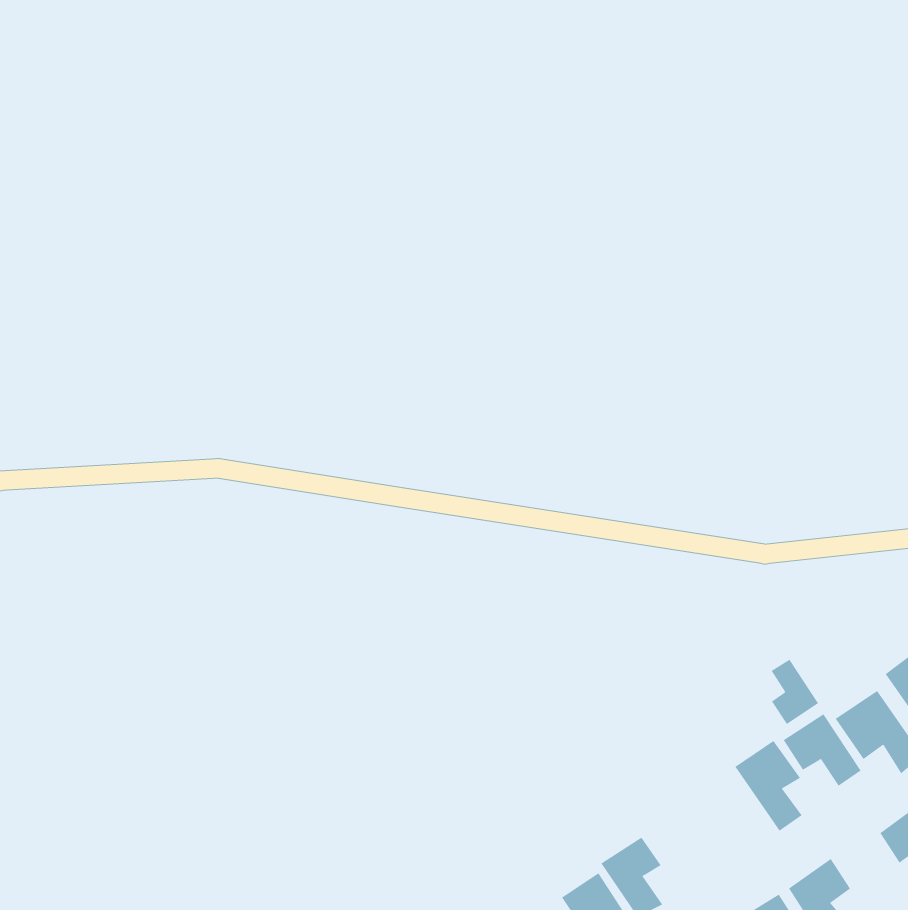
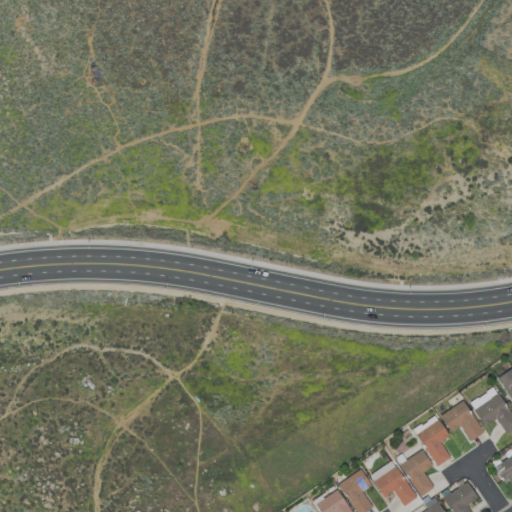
building: [771,659,819,725] -> none
building: none -> [401,450,435,497]
building: none -> [371,461,417,507]

